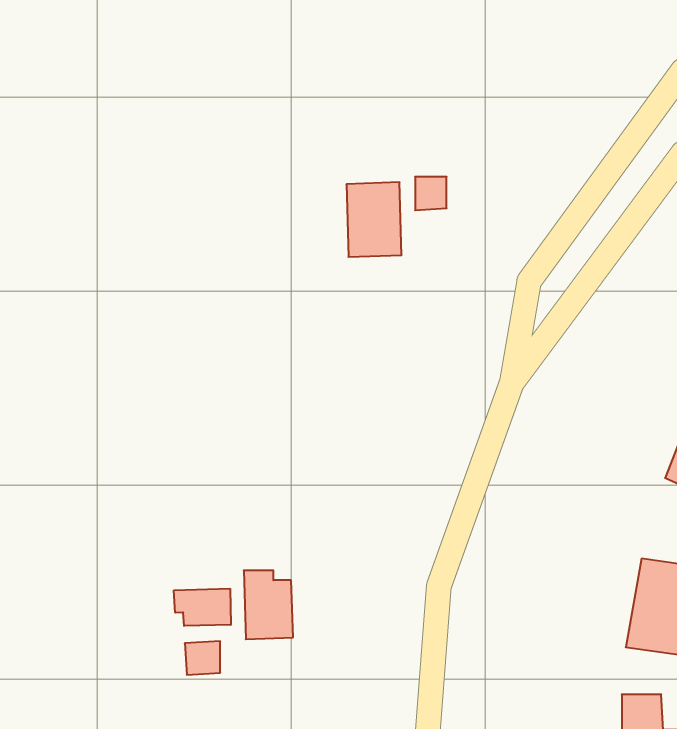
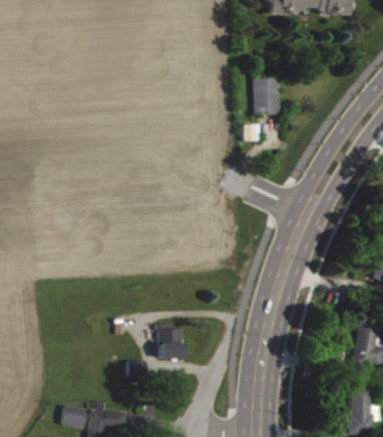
building: [346,182,402,257] -> [254,77,282,115]
building: [174,589,231,626] -> none

